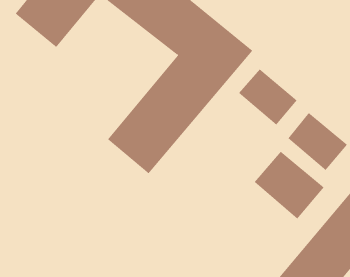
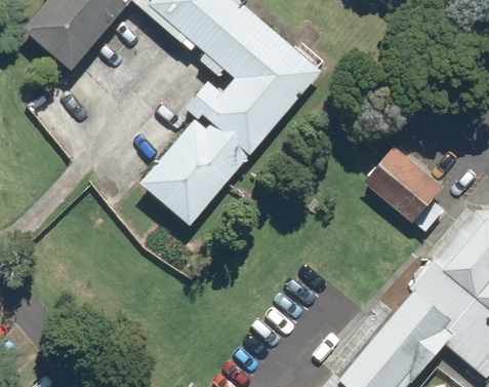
building: [238,69,298,126] -> none
building: [254,151,324,219] -> none

